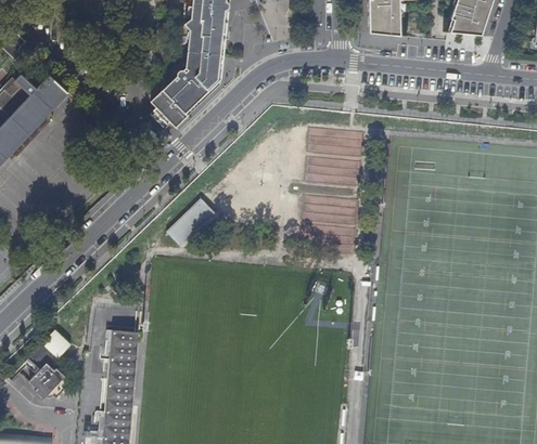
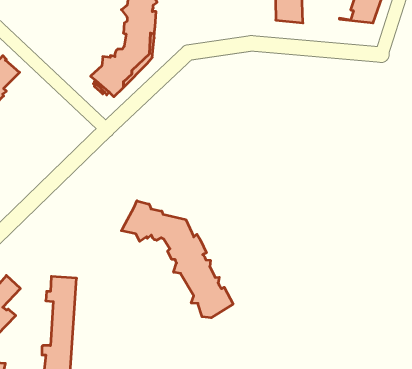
building: [167,197,216,246] -> none
building: none -> [121,201,233,318]

